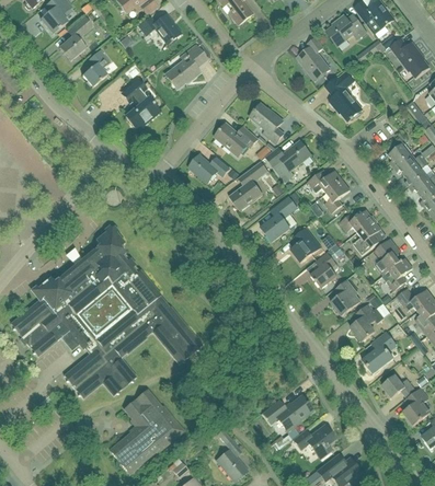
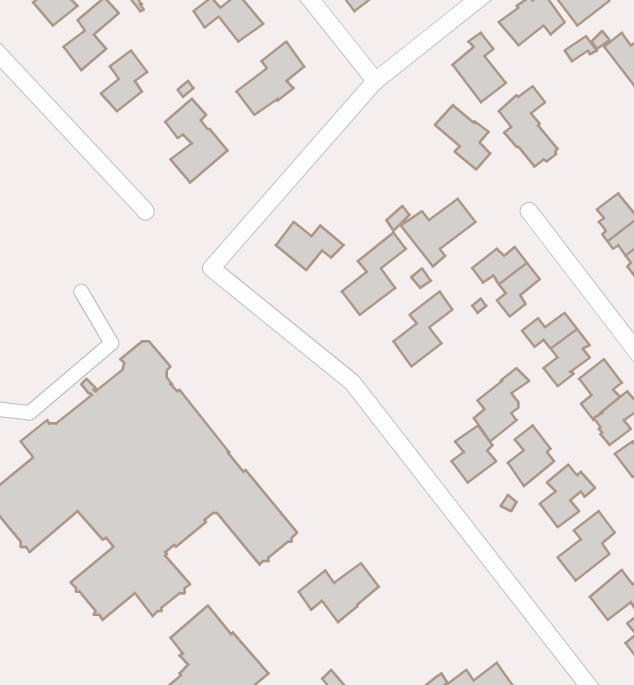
building: [250,103,284,142] -> [435,105,490,169]
building: [214,122,257,155] -> none
building: [290,227,318,262] -> [451,425,496,483]
building: [263,394,312,430] -> [299,563,379,622]

